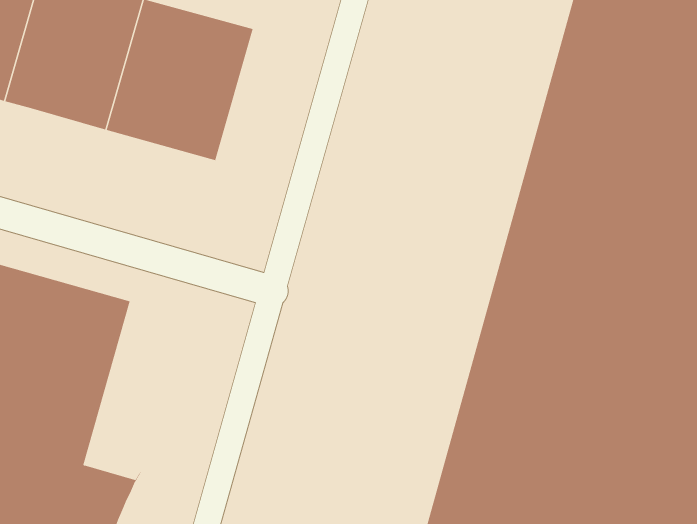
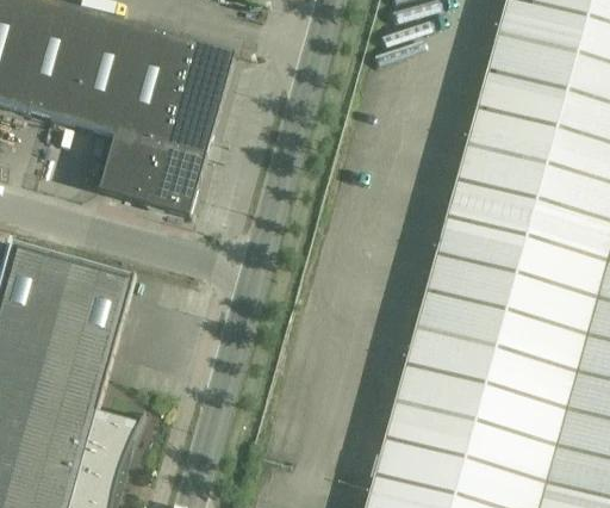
building: none -> [100,136,206,215]

